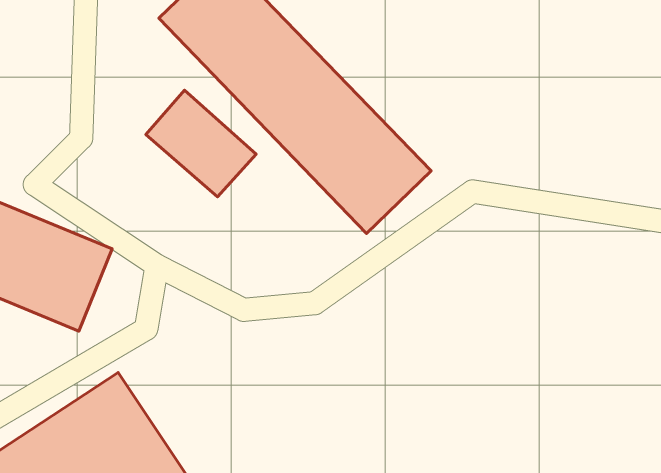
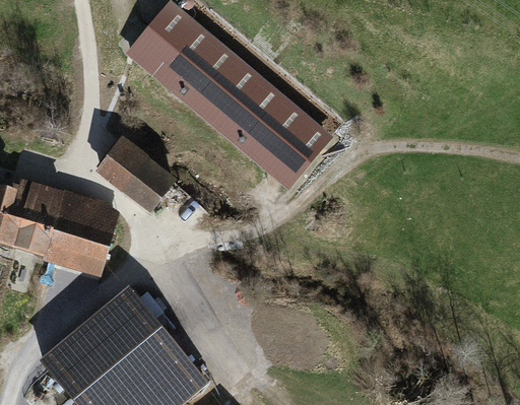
building: [146,90,256,197] -> [98,139,174,209]

